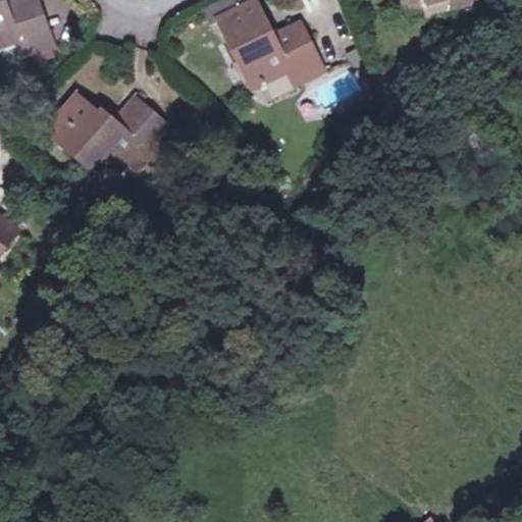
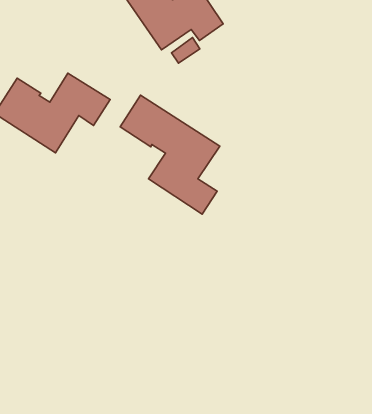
building: none -> [120,95,220,214]

